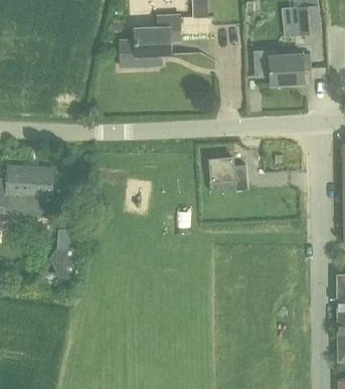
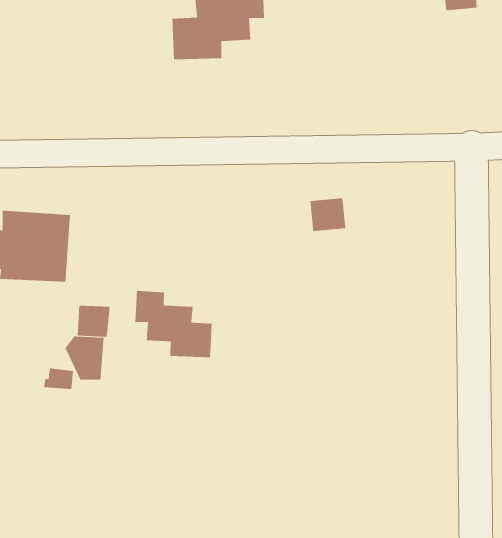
building: [252,50,311,84] -> none
building: none -> [135,290,212,358]

